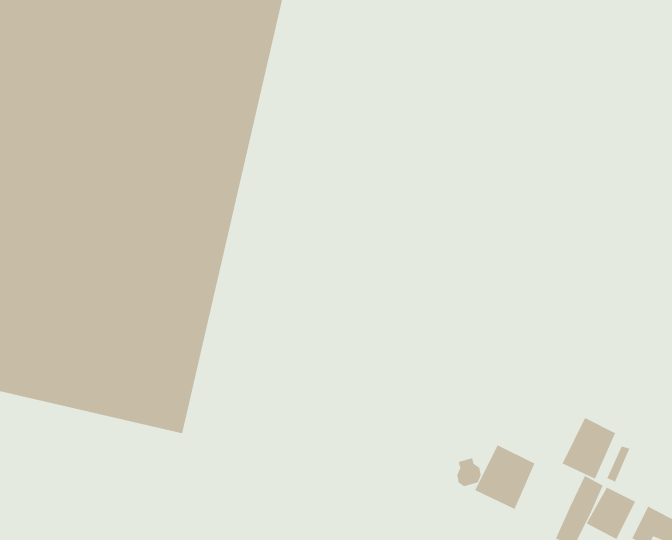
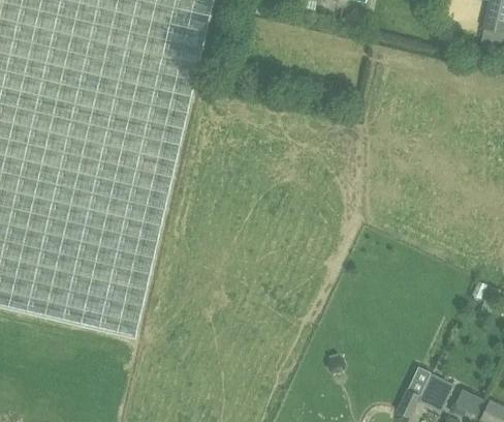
building: [562,417,616,480] -> none
building: [475,445,535,510] -> none

